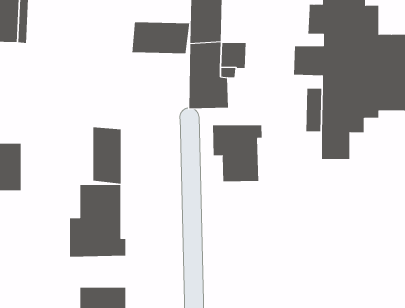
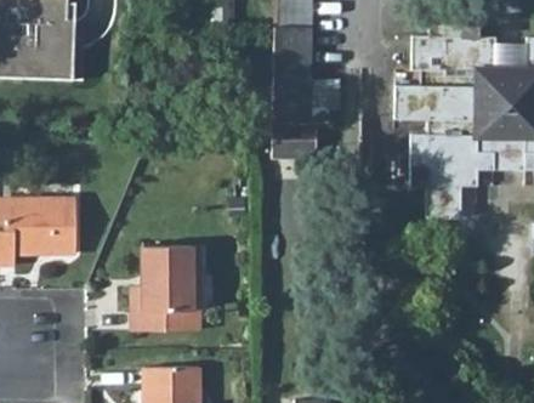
building: [132,21,190,54] -> none
building: [213,124,262,182] -> none
building: [93,127,121,185] -> none

